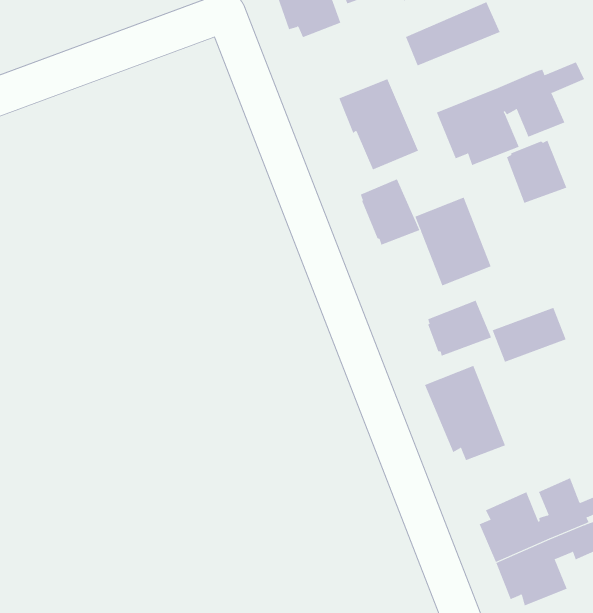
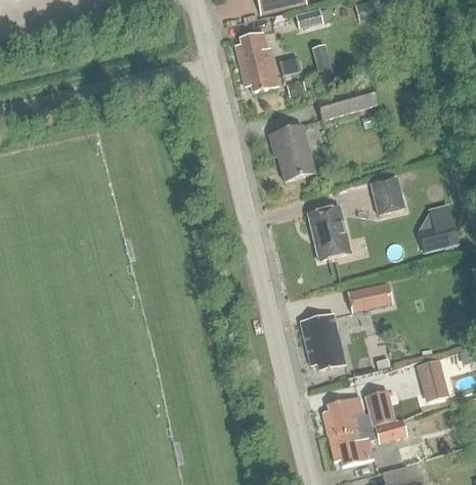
building: [436,62,585,166] -> none
building: [360,178,420,245] -> none
building: [427,300,492,357] -> none

